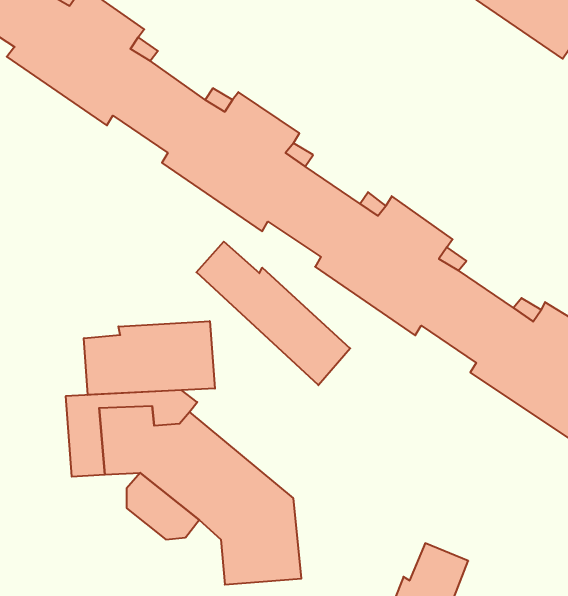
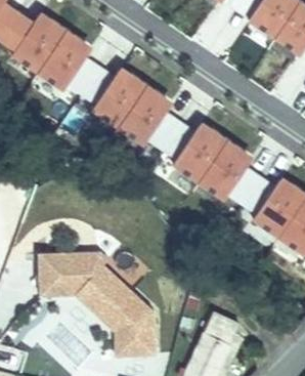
building: [196,242,350,385] -> none
building: [84,321,215,395] -> none

